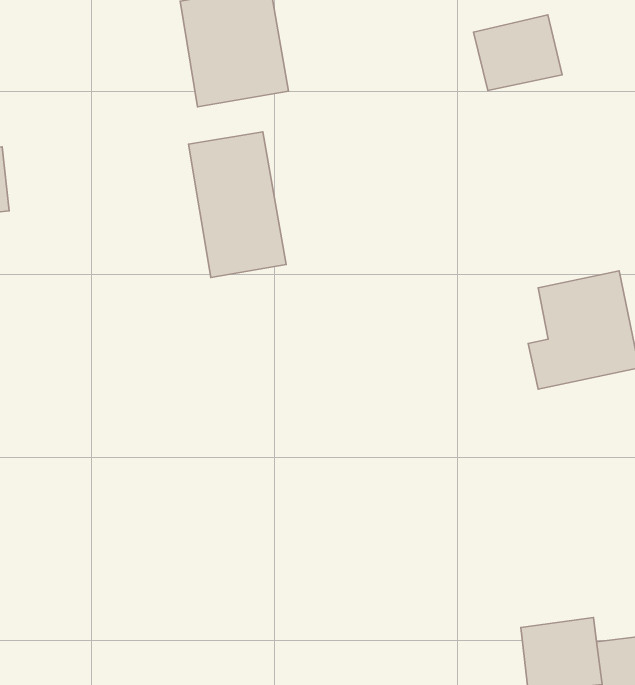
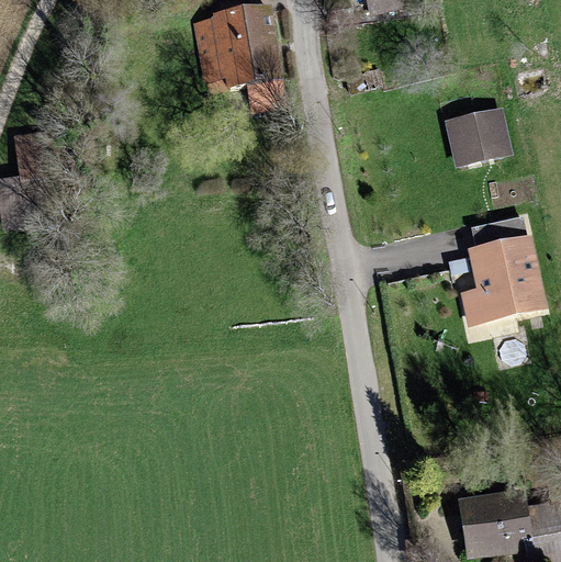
building: [474,15,562,90] -> [442,101,510,159]
building: [188,132,286,277] -> none

